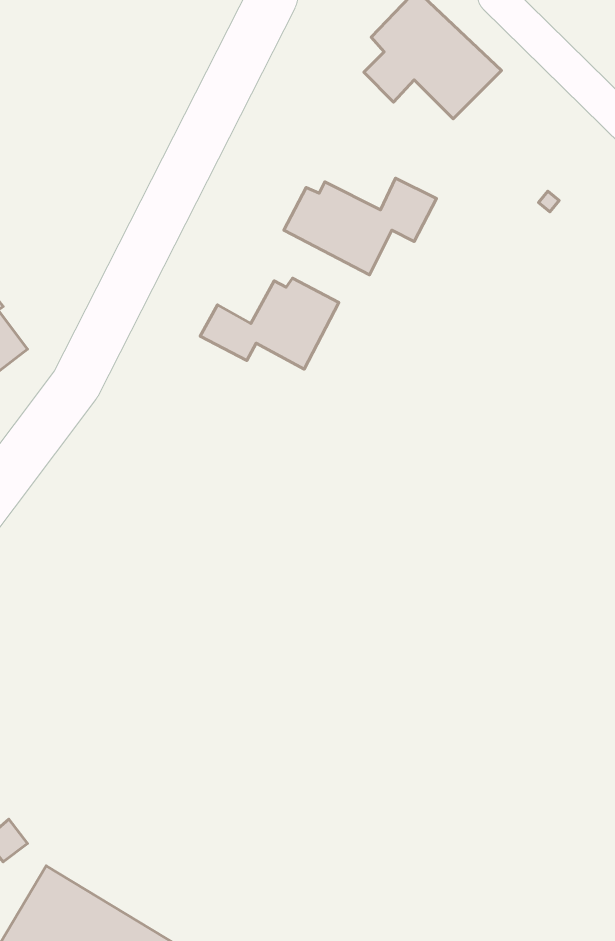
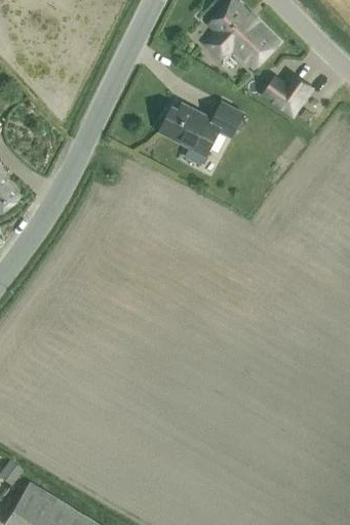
building: none -> [265,77,310,112]
building: [200,278,339,369] -> none

